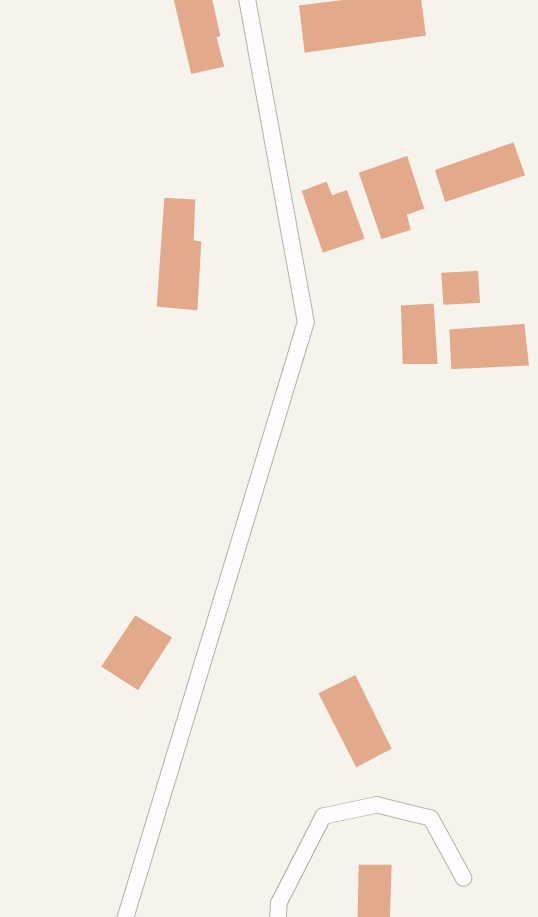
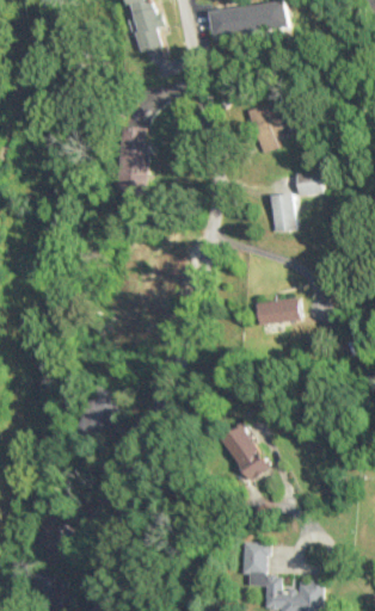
building: [434,142,526,203] -> none
building: [301,181,365,254] -> none
building: [449,323,530,370] -> none
building: none -> [256,298,300,326]

